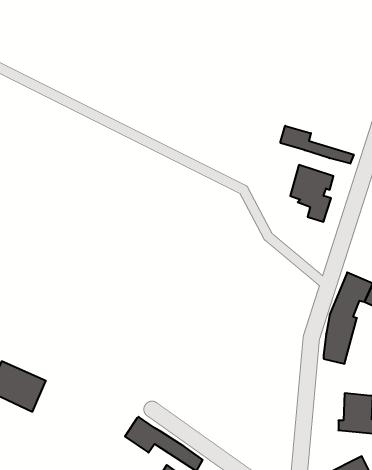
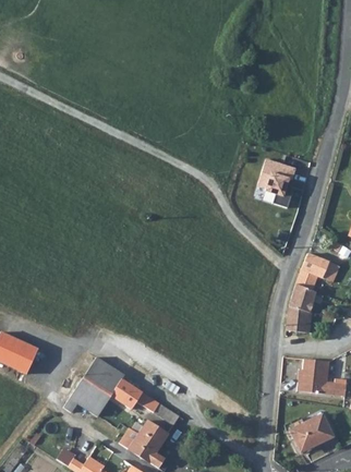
building: [281,126,354,164] -> none
building: none -> [63,360,124,417]

